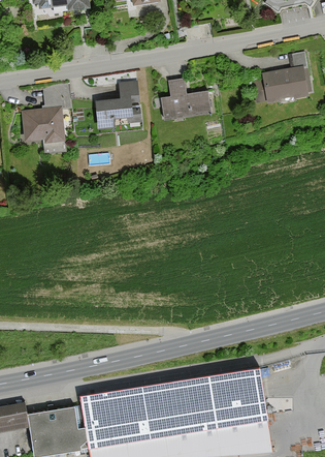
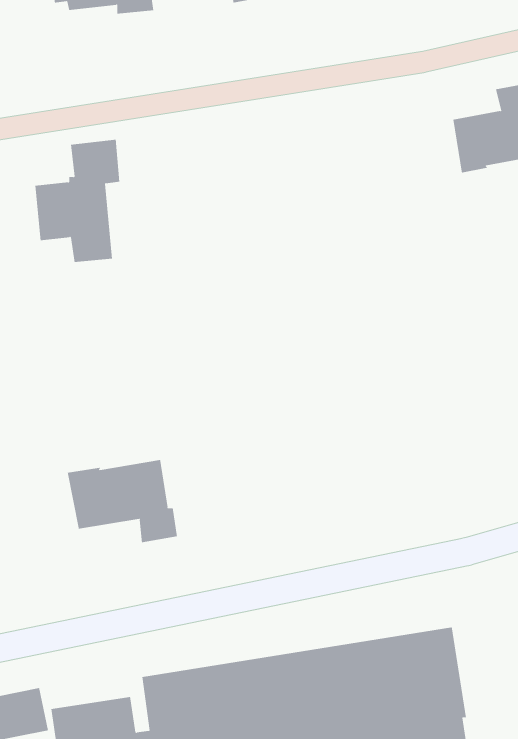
building: [161,79,213,120] -> none
building: [96,81,141,130] -> none
building: none -> [67,459,178,543]

